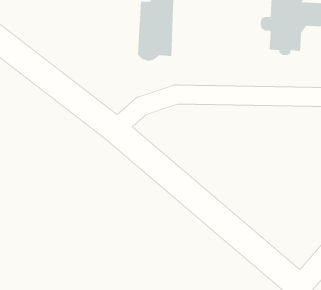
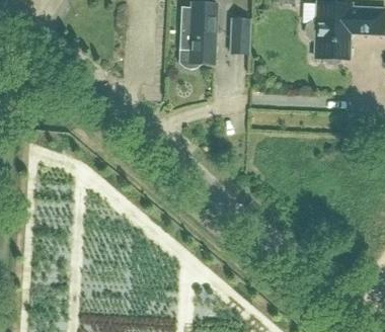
building: none -> [230,17,250,53]

